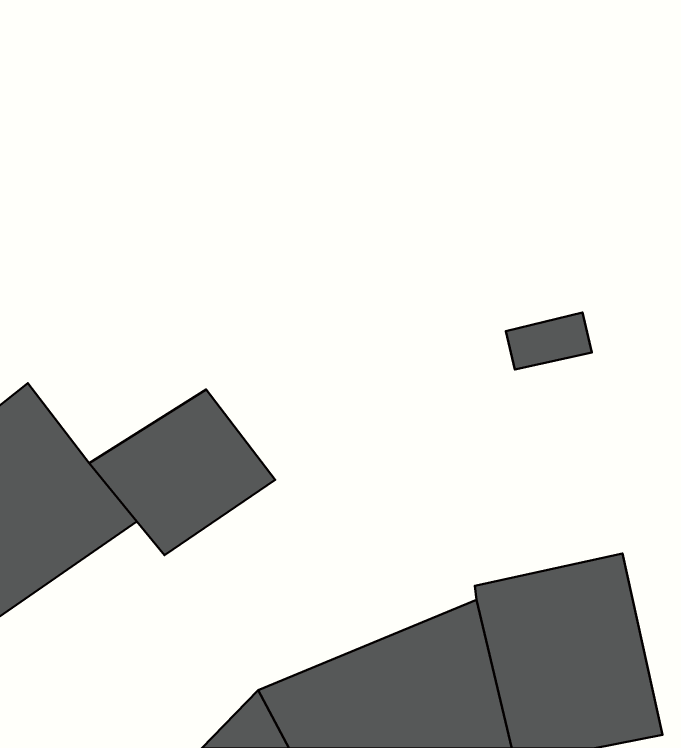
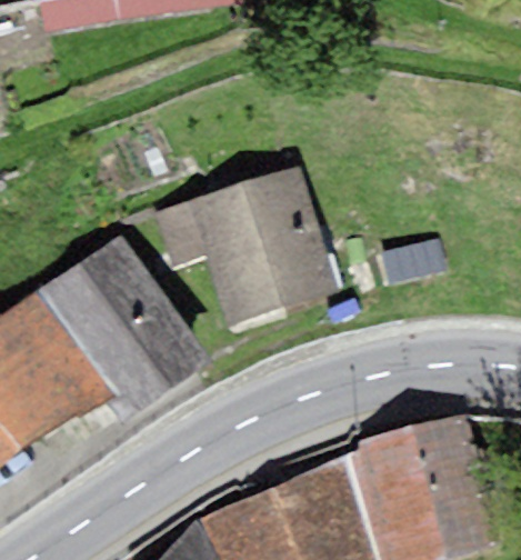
building: none -> [154,168,335,327]
building: none -> [34,236,163,350]

